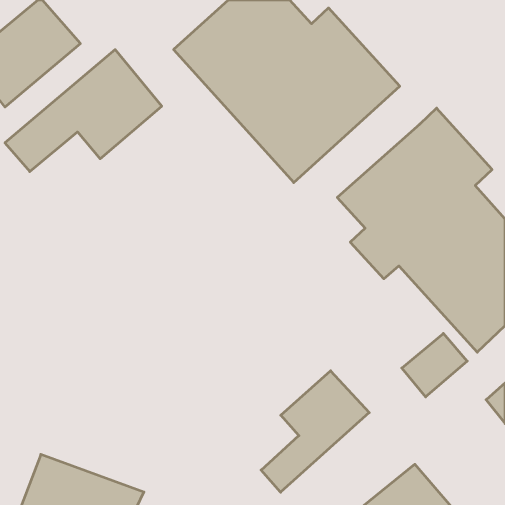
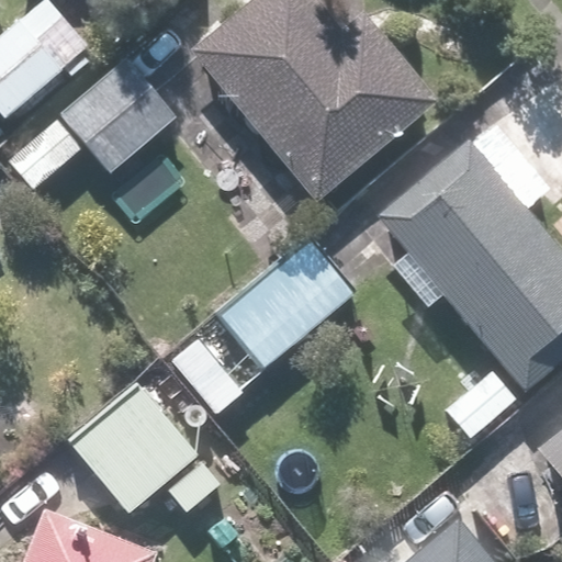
building: none -> [165,236,355,417]
building: none -> [66,382,201,517]
building: [261,371,369,492] -> none

